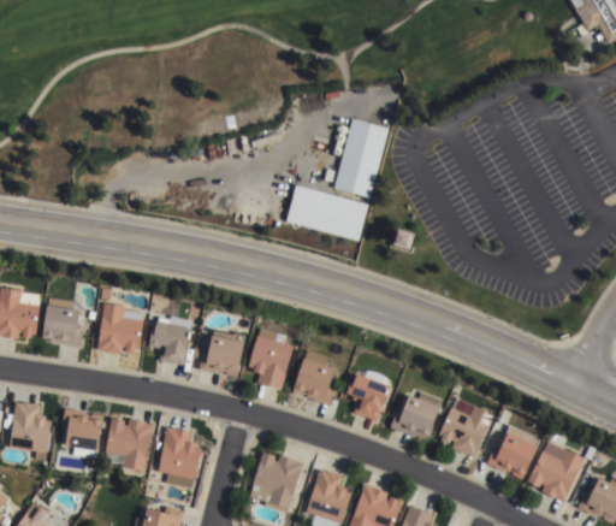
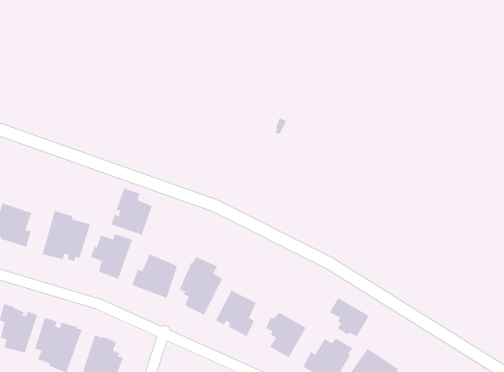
building: [334,117,389,197] -> none
building: [285,183,368,241] -> none
building: none -> [111,188,153,235]
building: none -> [329,297,370,337]

